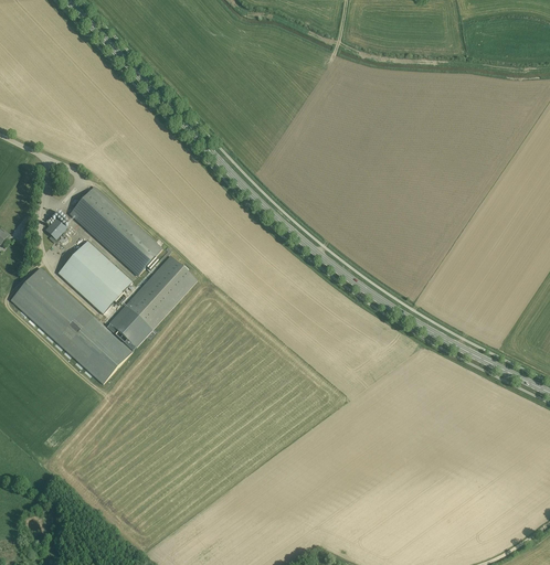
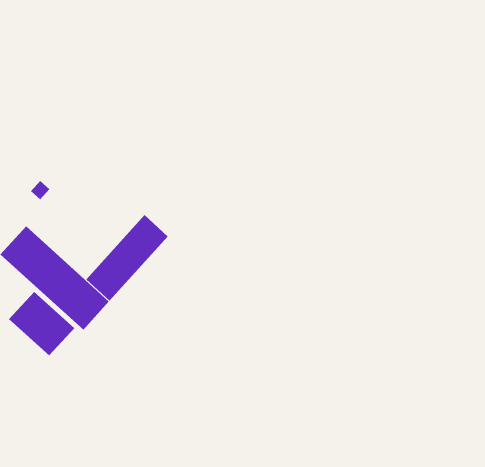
building: [70,186,162,275] -> none
building: [57,241,131,312] -> [8,291,75,356]

